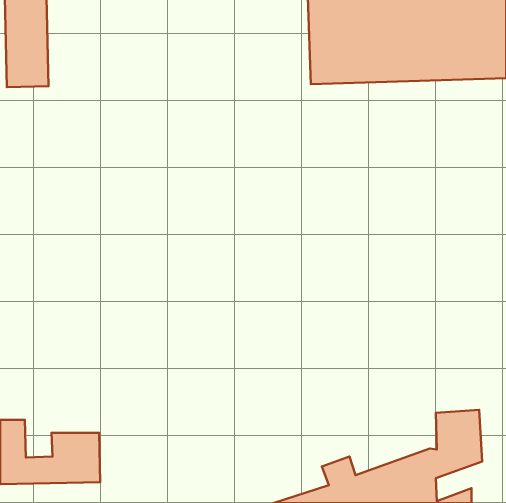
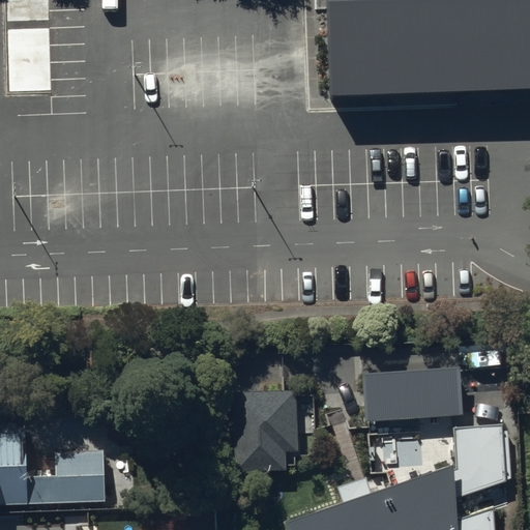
building: none -> [363,373,463,421]
building: none -> [233,391,297,472]

